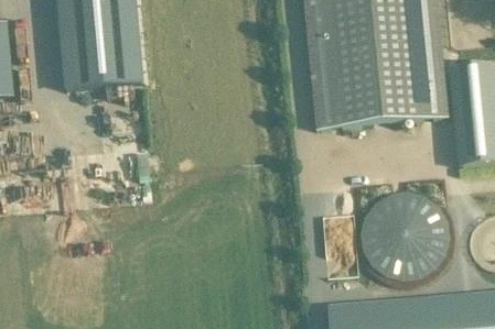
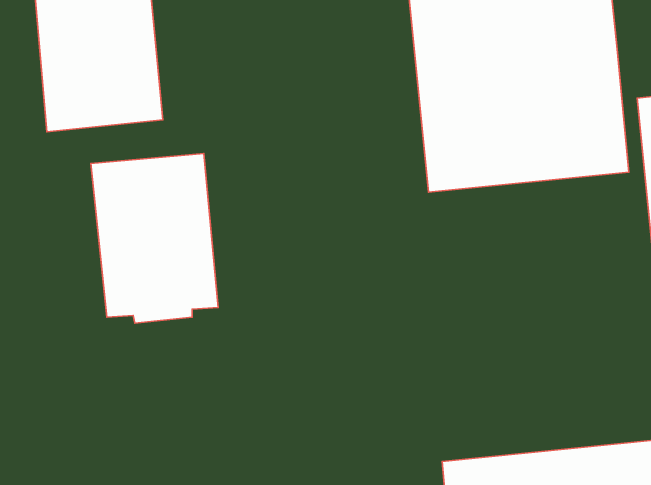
building: none -> [91,154,218,323]
building: [361,191,450,279] -> none

